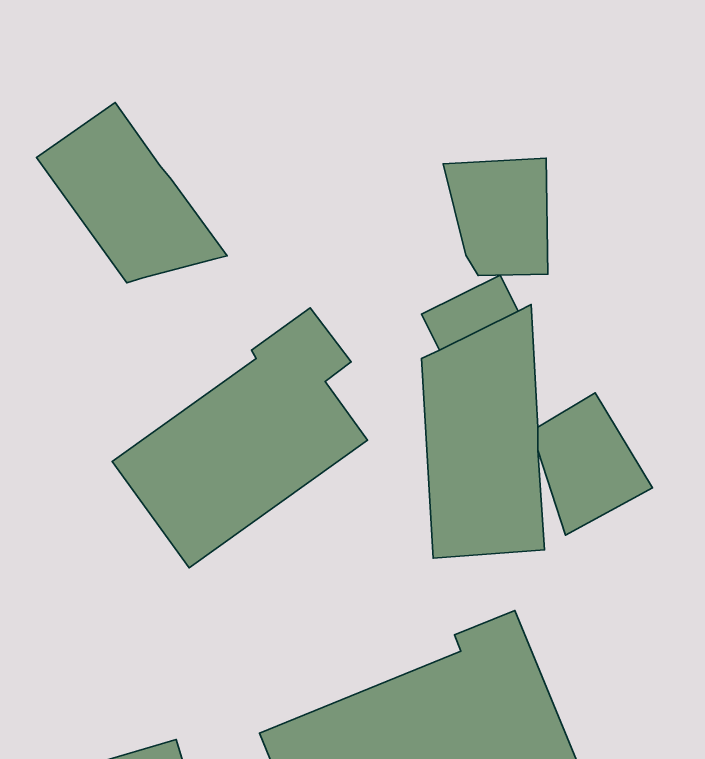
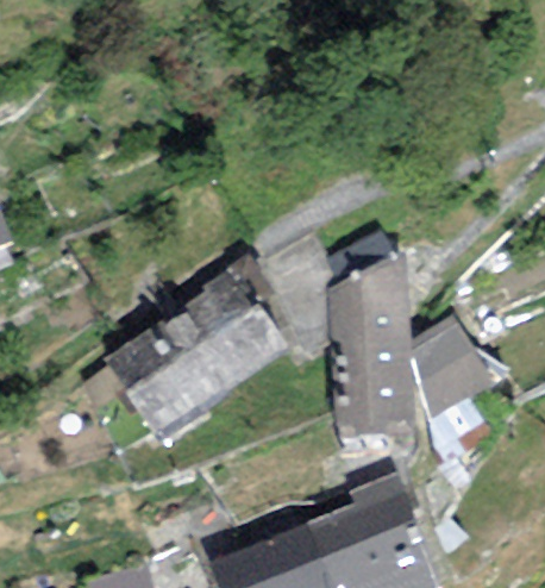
building: [36,102,227,283] -> none
building: [443,158,548,275] -> none

